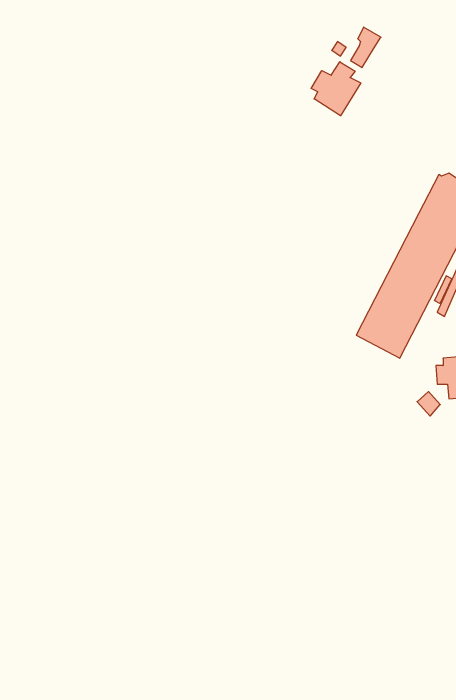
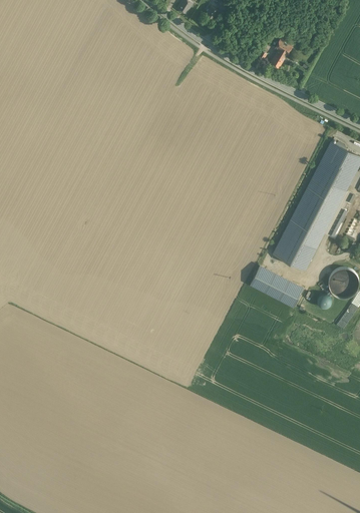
building: [311,62,361,116] -> none
building: none -> [250,266,304,307]

